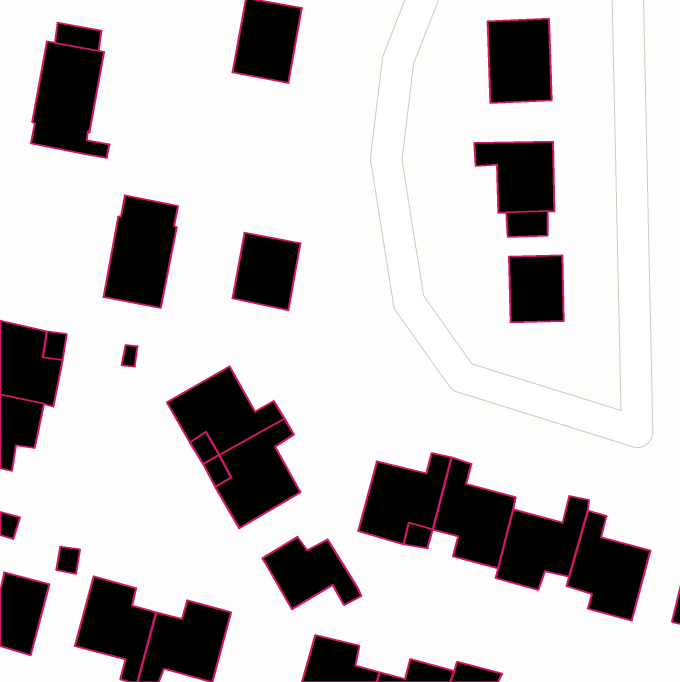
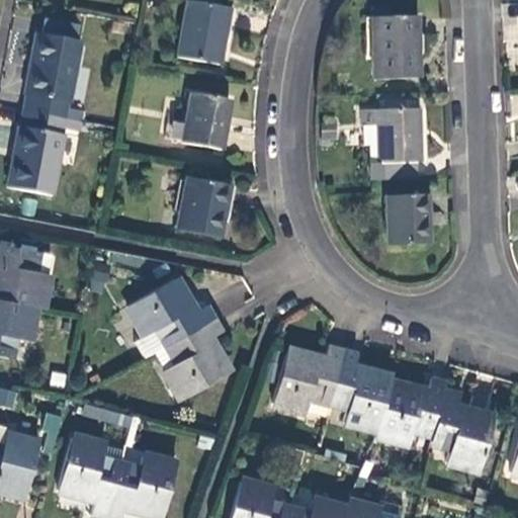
building: none -> [182,90,231,148]
building: [103,195,178,308] -> [9,108,66,193]
building: [262,537,361,609] -> none

